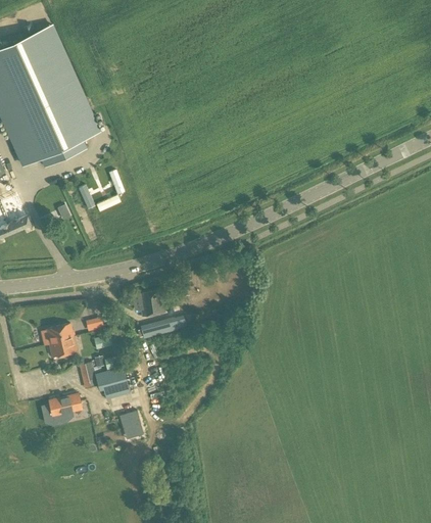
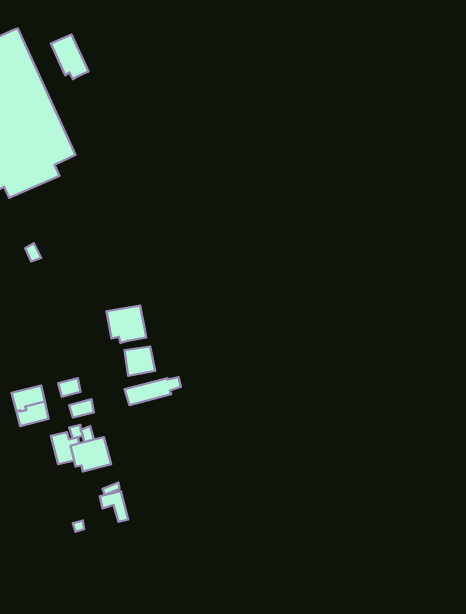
building: none -> [51,35,88,79]
building: none -> [107,305,146,343]
building: [48,393,83,426] -> none

